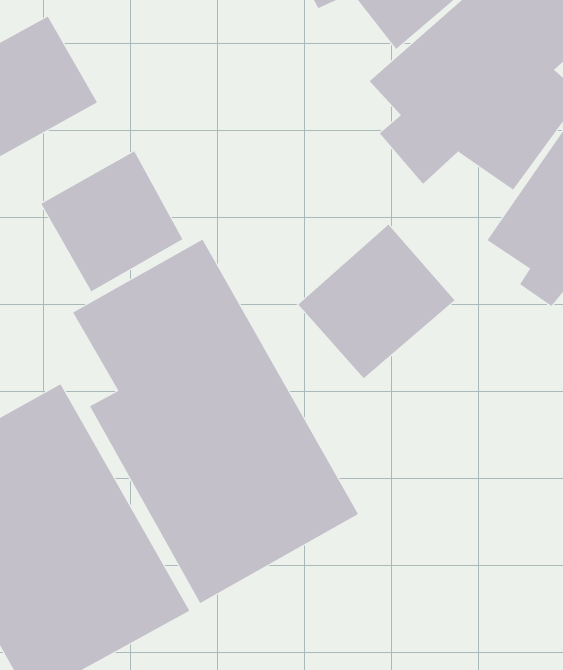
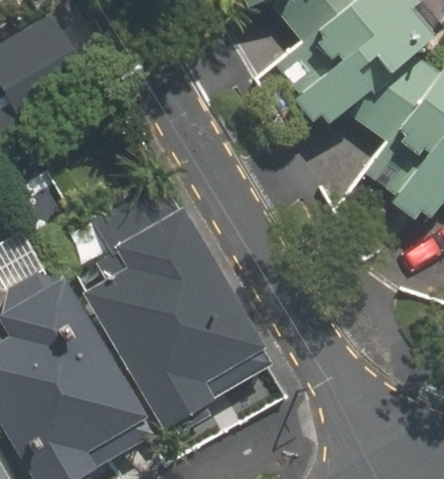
building: [41,150,183,292] -> none
building: [297,224,455,379] -> none

